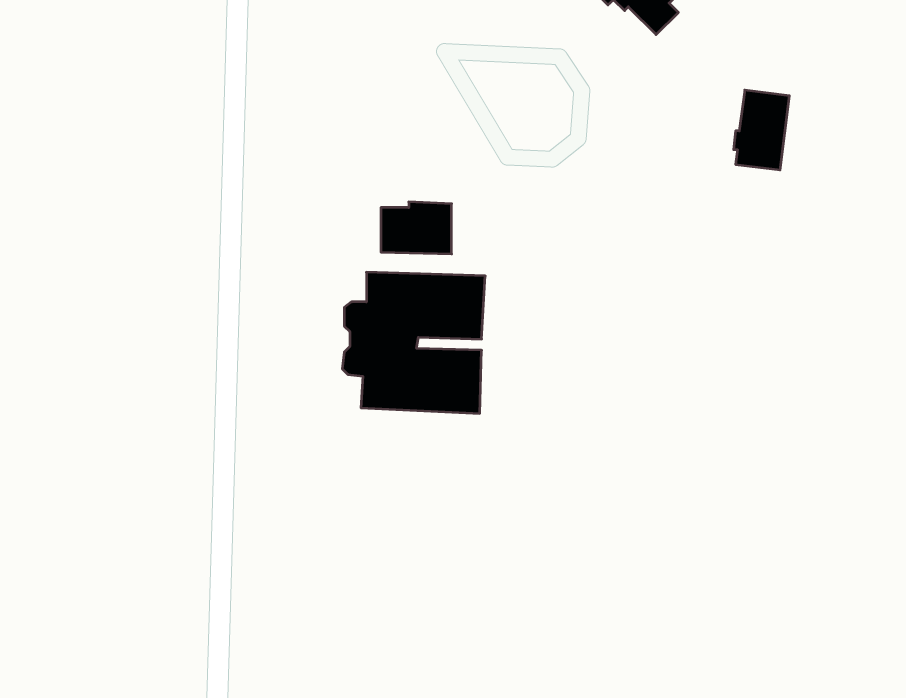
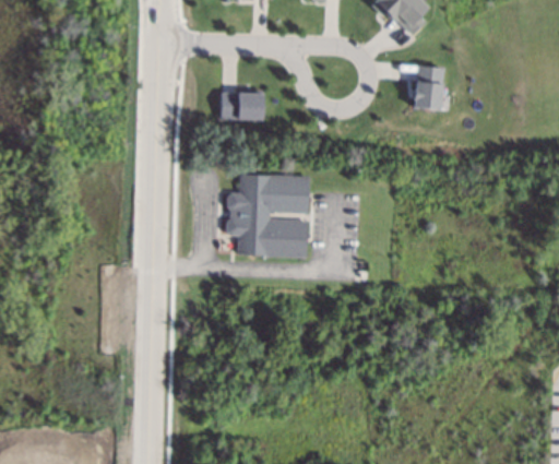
building: [734,90,789,170] -> [411,63,443,110]
building: [381,202,452,254] -> [221,88,262,119]

